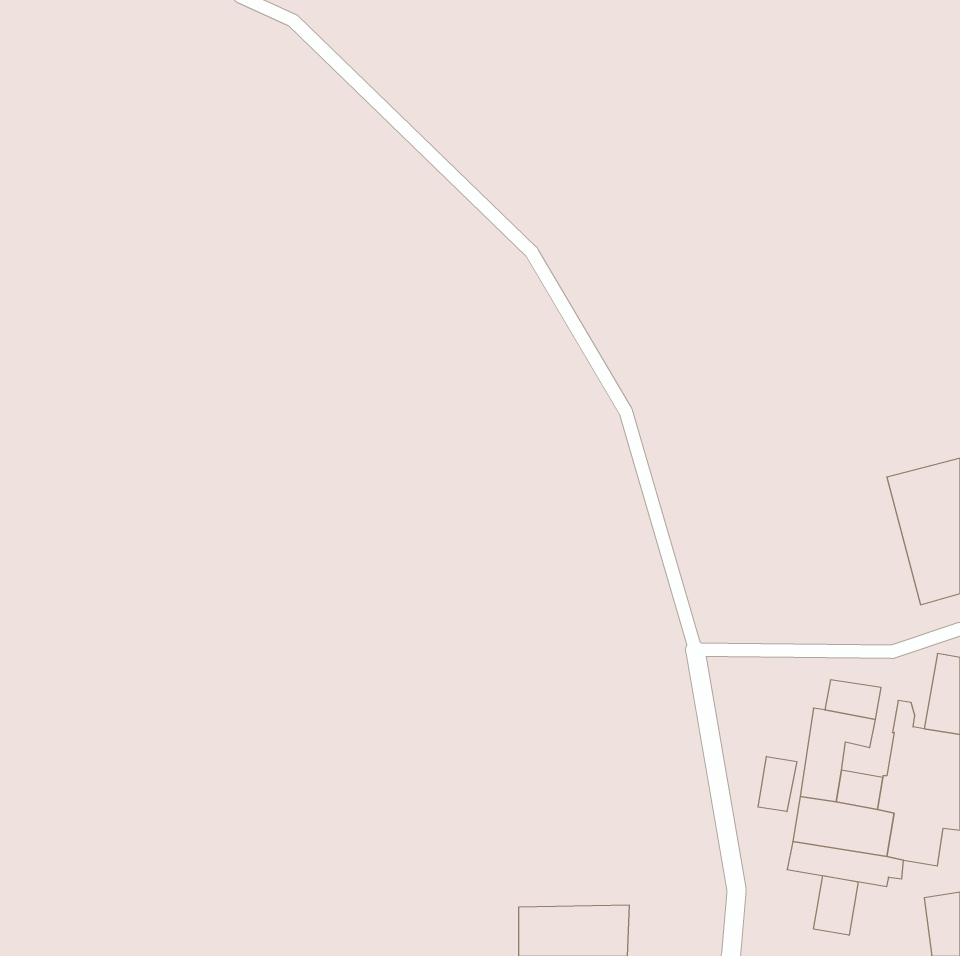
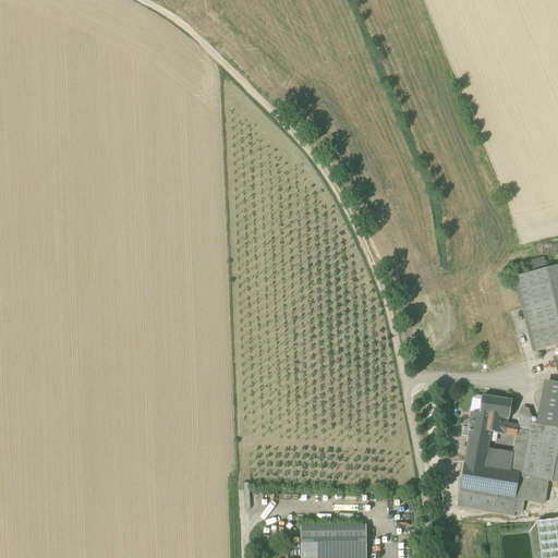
building: [758,756,797,812] -> none
building: [814,876,858,935] -> none

